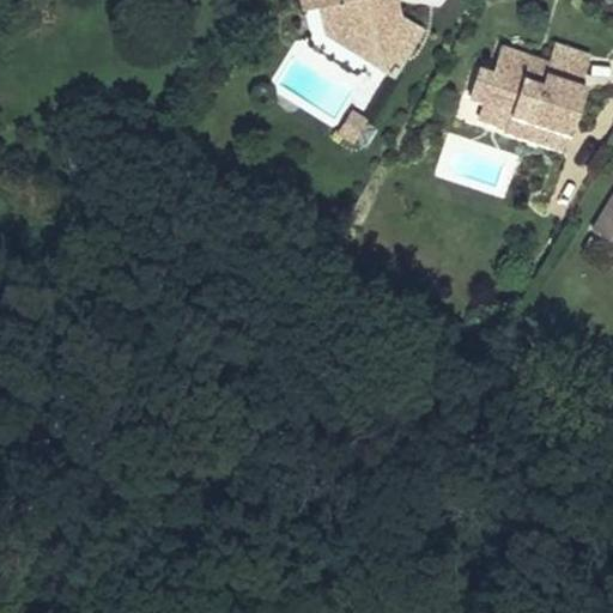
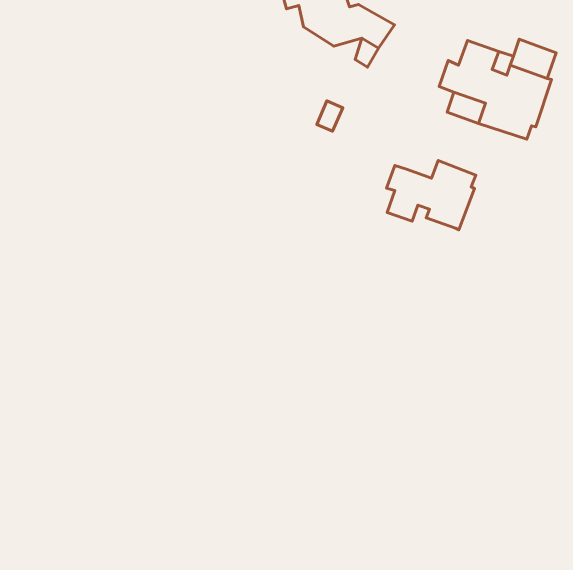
building: none -> [386,160,476,230]

